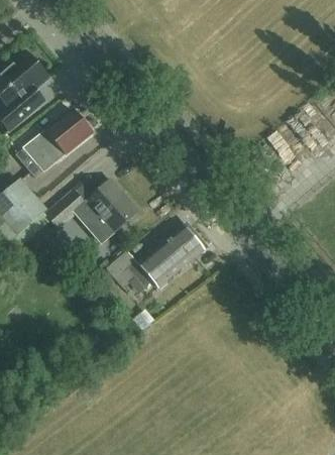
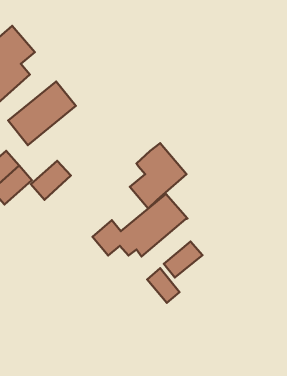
building: [80,179,138,246] -> [130,143,186,208]
building: none -> [164,242,203,277]
building: none -> [147,268,180,303]

